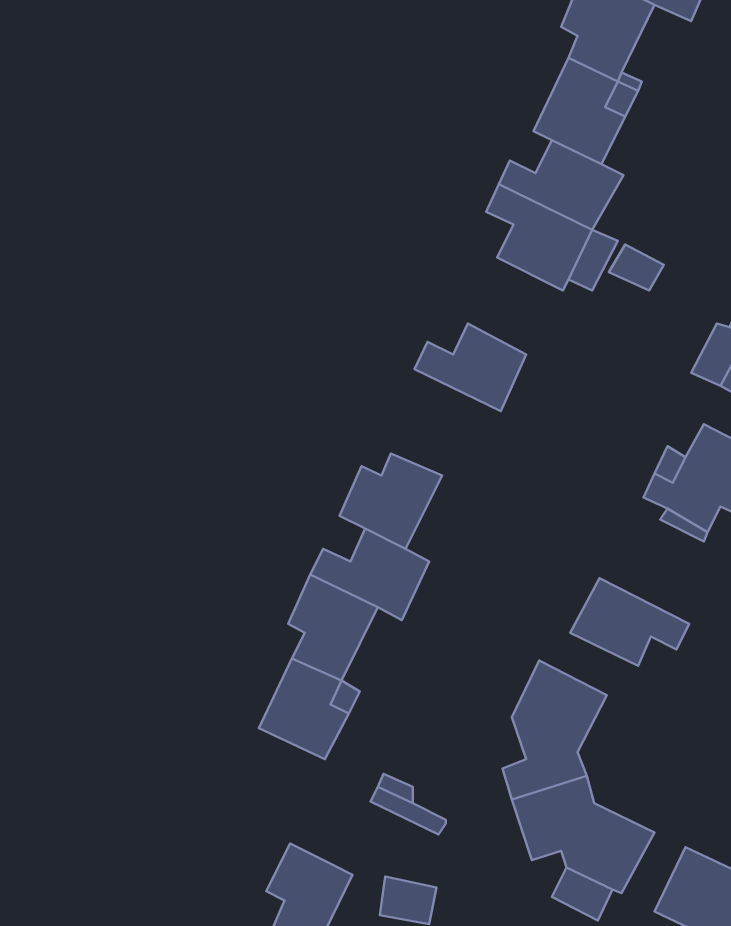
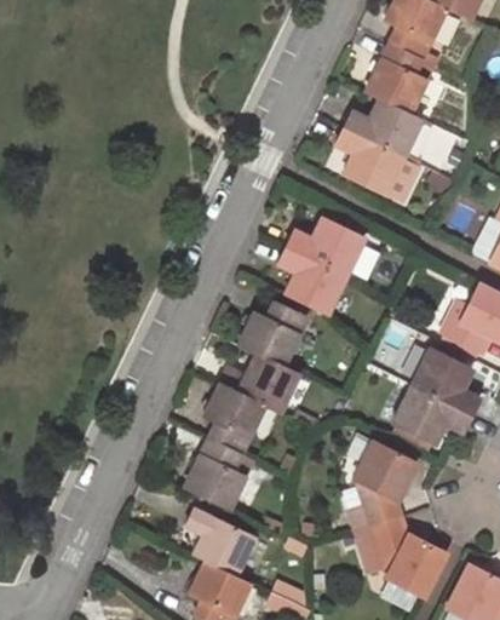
building: none -> [281,247,346,312]
building: none -> [412,350,479,415]
building: none -> [185,509,254,575]

